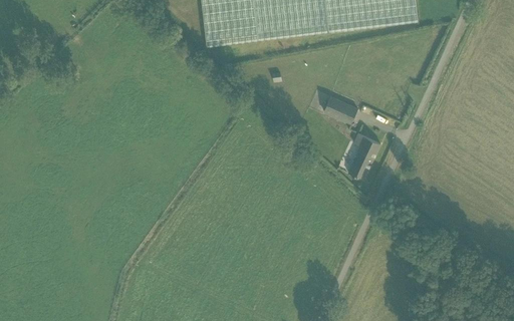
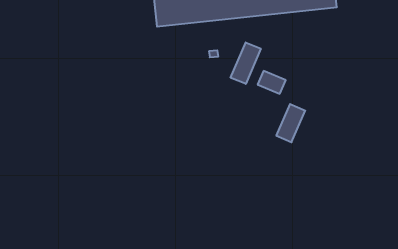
building: none -> [231,42,261,84]

